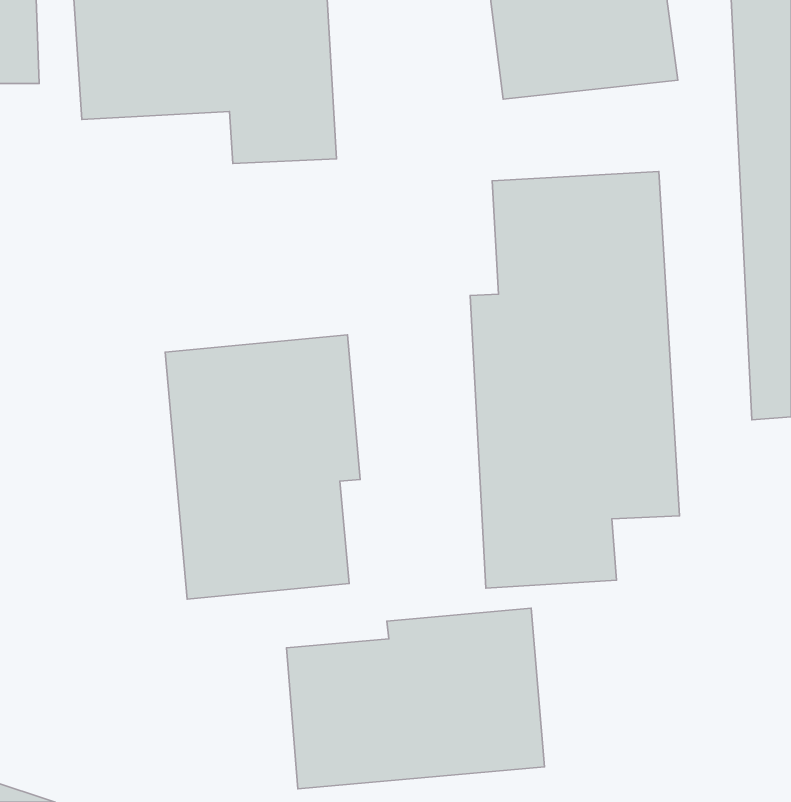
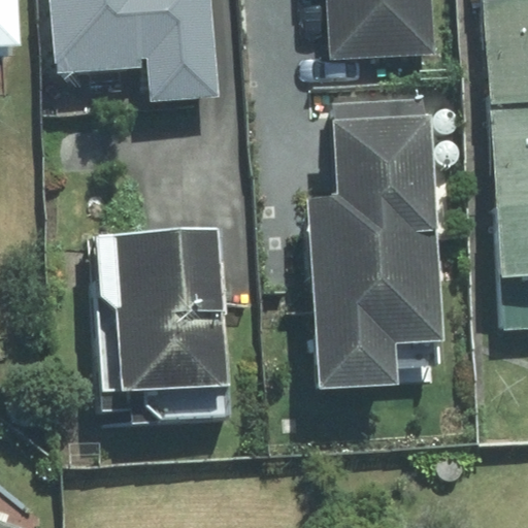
building: [287,608,544,789] -> none

